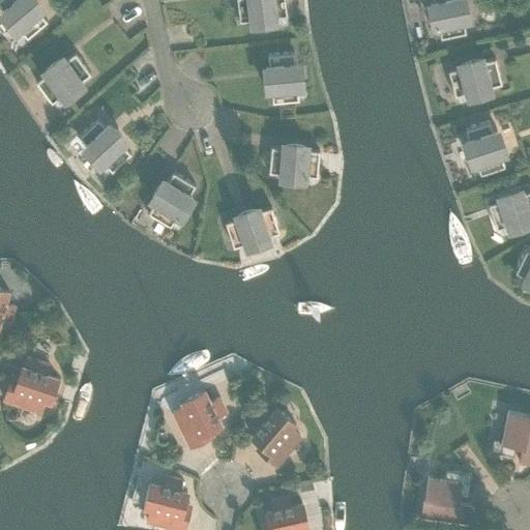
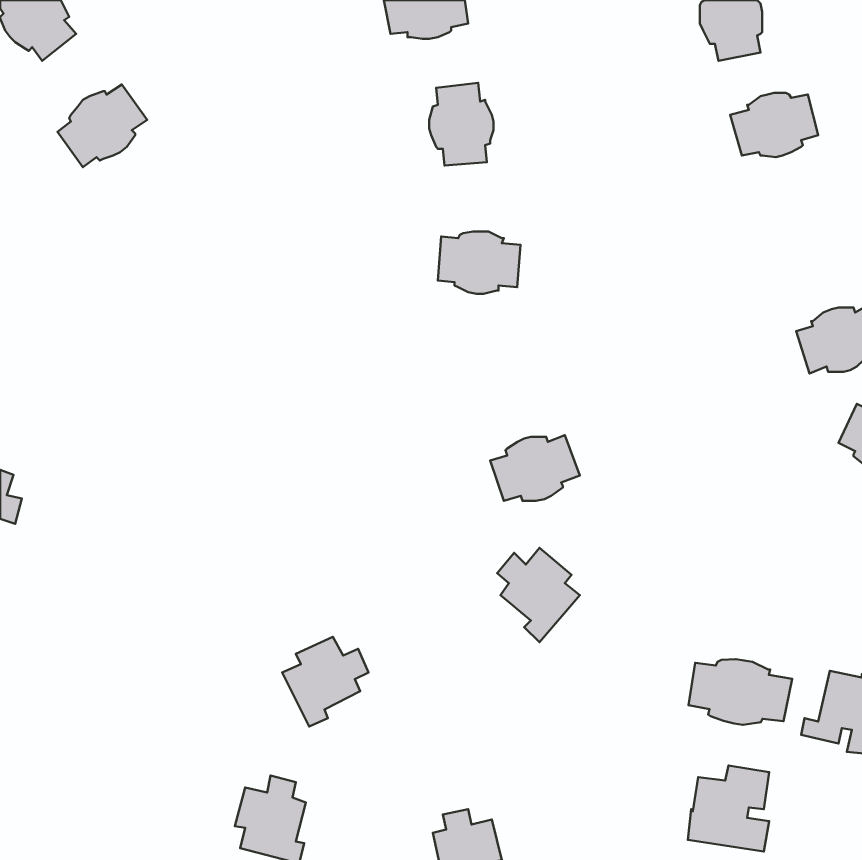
building: [79,119,131,173] -> none
building: [465,122,505,176] -> none
building: [148,173,196,228] -> none
building: [226,208,281,248] -> [490,435,580,501]
building: [5,361,58,413] -> none
building: none -> [688,659,792,725]
building: [251,409,301,467] -> [497,548,580,642]

